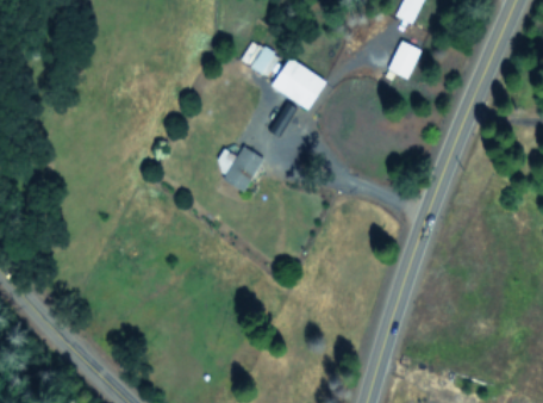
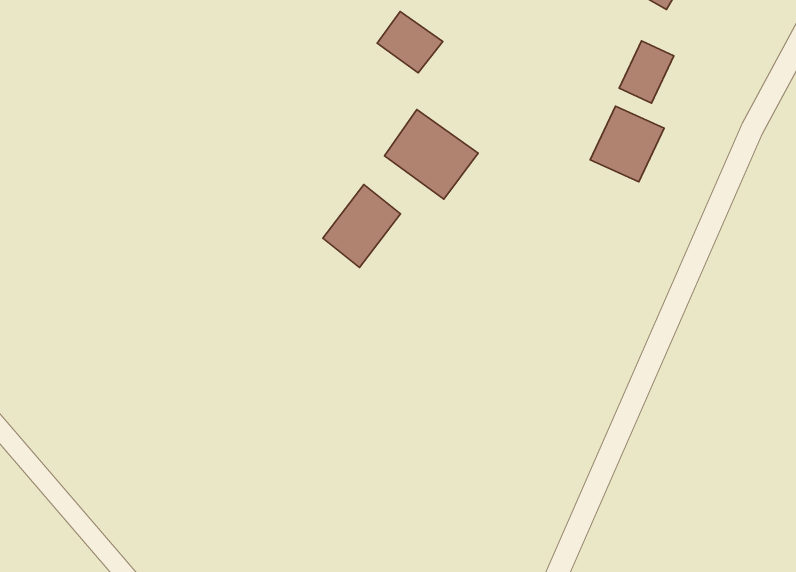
building: [270,57,326,110] -> [385,109,478,199]
building: none -> [590,106,664,182]

